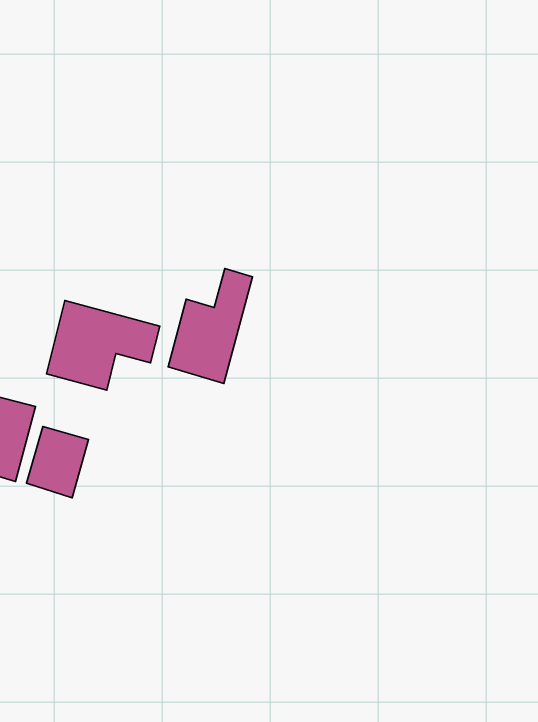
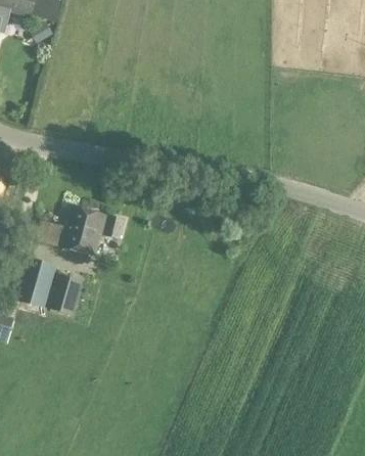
building: [168,269,253,384] -> none

